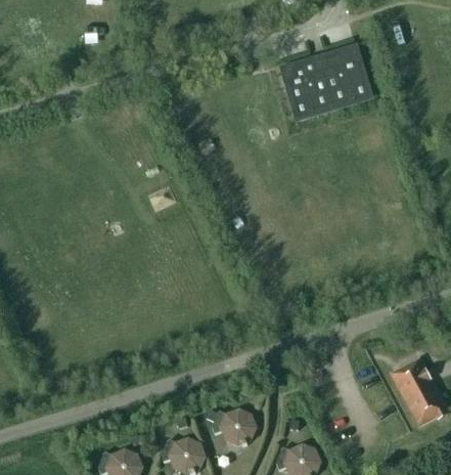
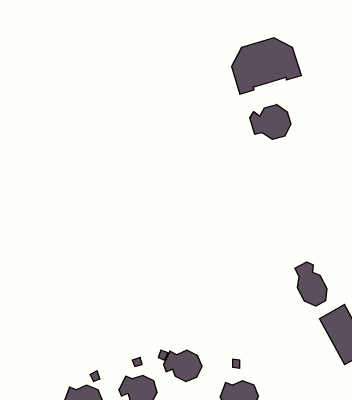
building: none -> [250,104,291,139]
building: none -> [295,262,327,306]

